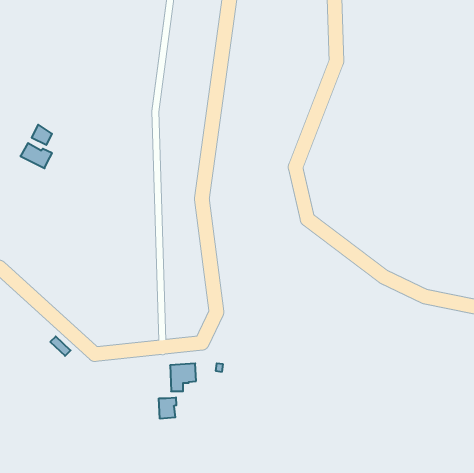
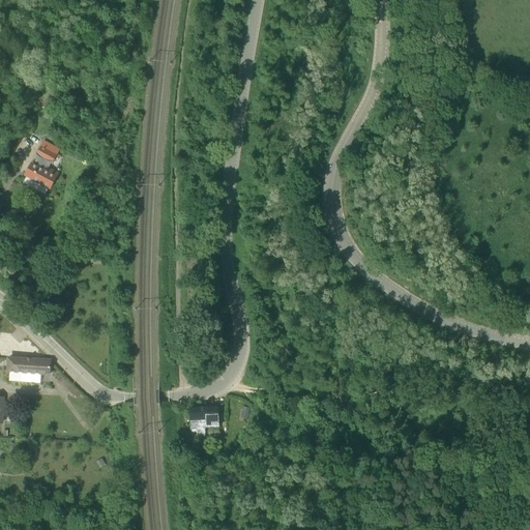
building: none -> [6,356,50,376]
building: [159,397,176,419] -> none

